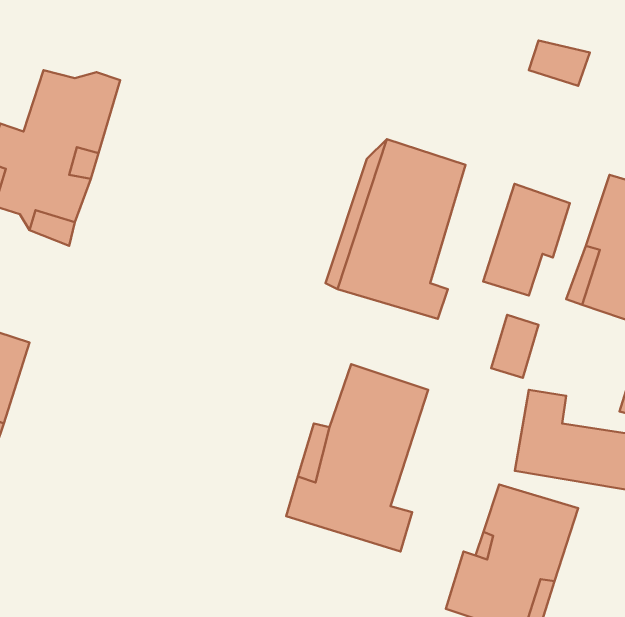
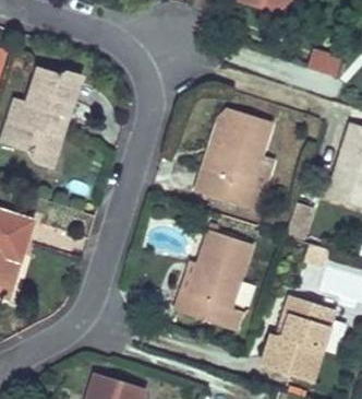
building: [483,184,570,296] -> none

